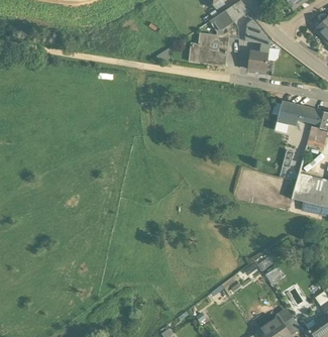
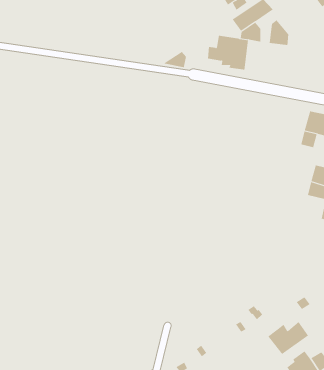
building: [247,32,272,71] -> none
building: none -> [268,321,309,355]

